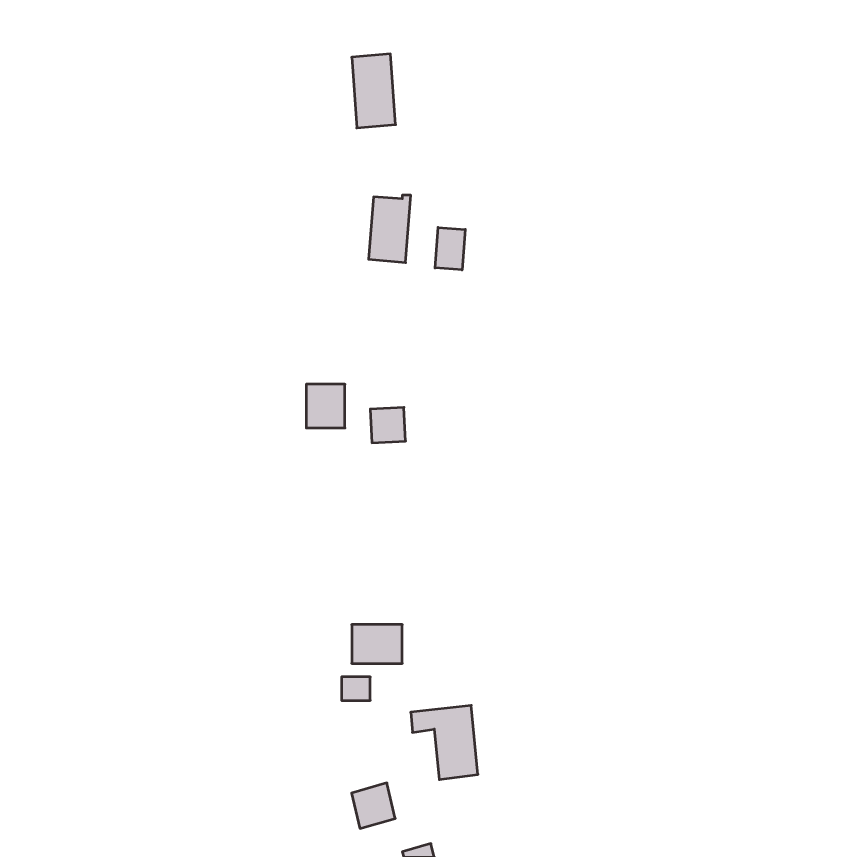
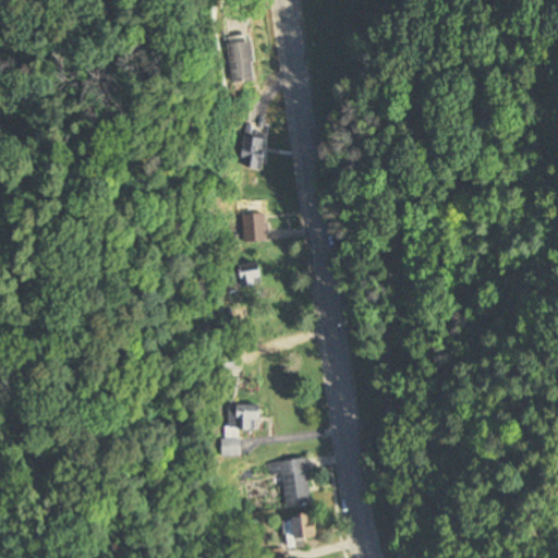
building: [435,227,465,270] -> none
building: [306,384,345,428] -> [241,214,266,242]
building: [352,783,395,828] -> [289,510,317,539]

